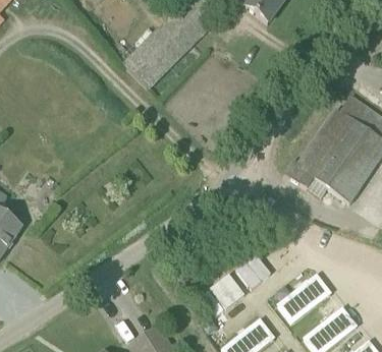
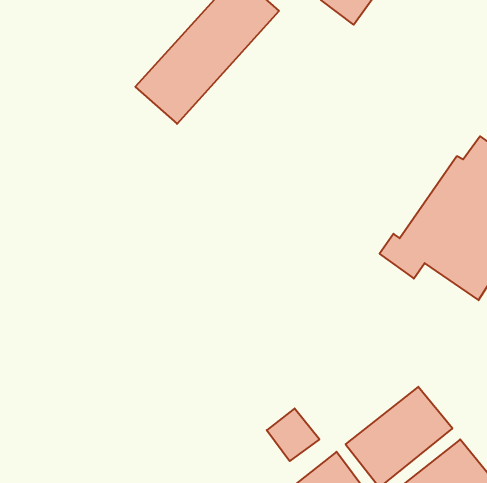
building: [237,253,272,288] -> none

